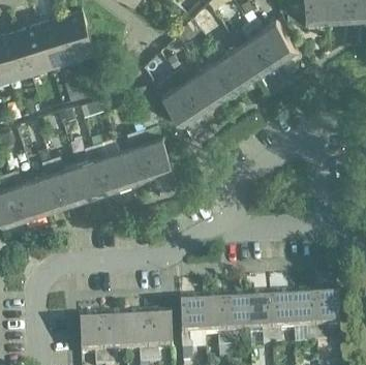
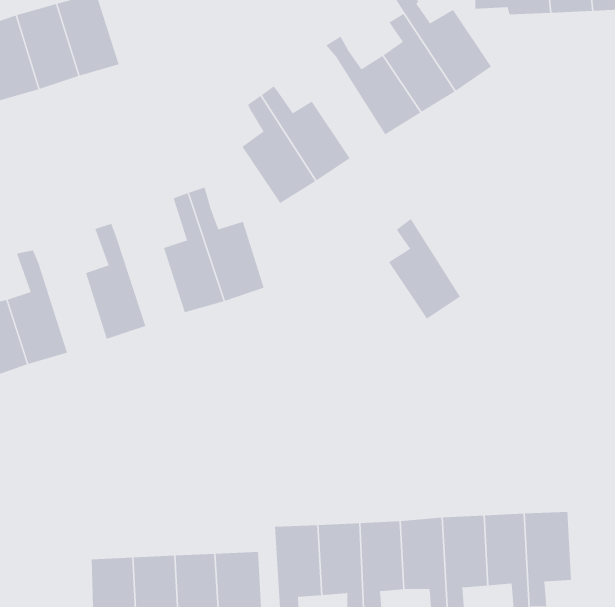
building: [200,44,239,99] -> [388,218,461,319]
building: [94,140,130,190] -> none
building: [52,153,88,205] -> none

